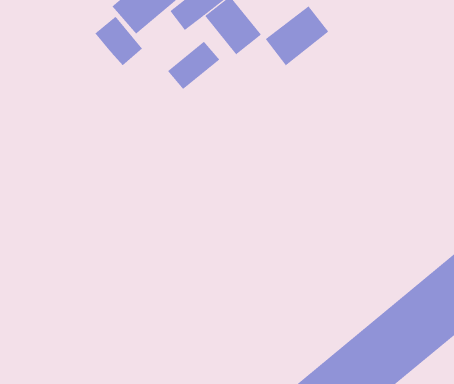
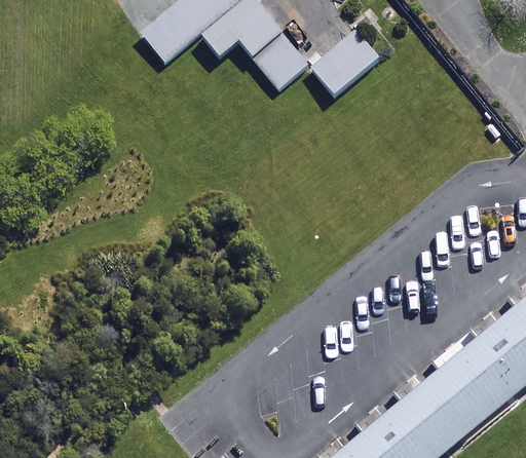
building: [94,16,143,66] -> none
building: [167,41,220,90] -> none

